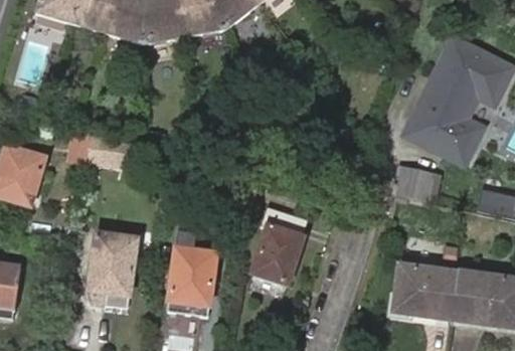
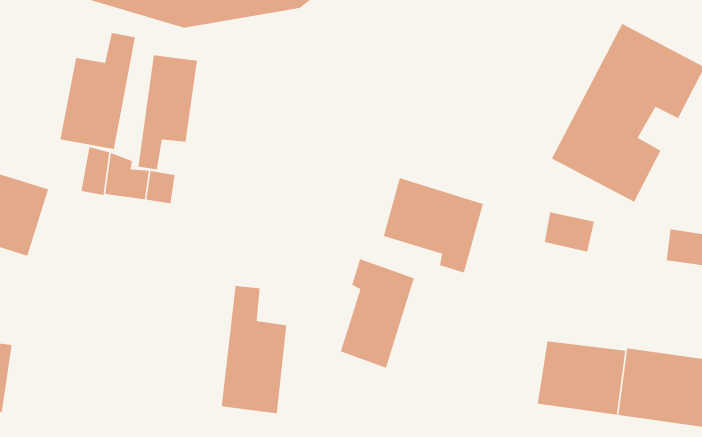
building: none -> [60,32,136,150]
building: none -> [138,55,198,170]
building: none -> [383,177,484,274]
building: [90,233,136,310] -> none

